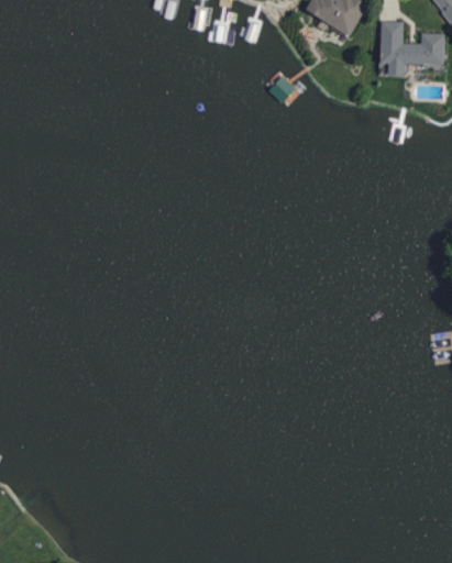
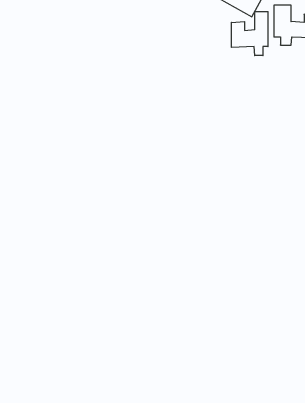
building: none -> [231,12,268,56]

